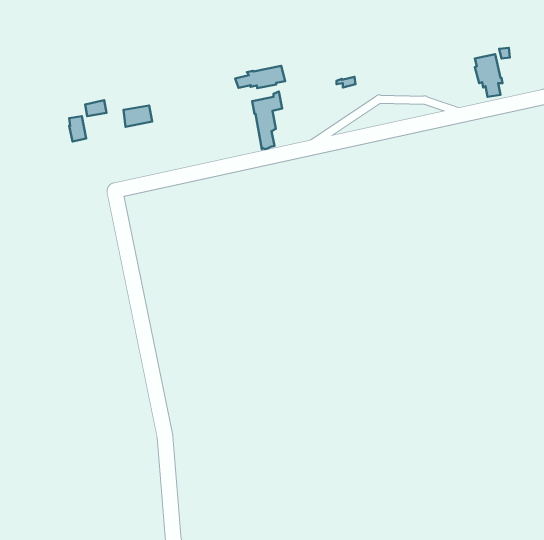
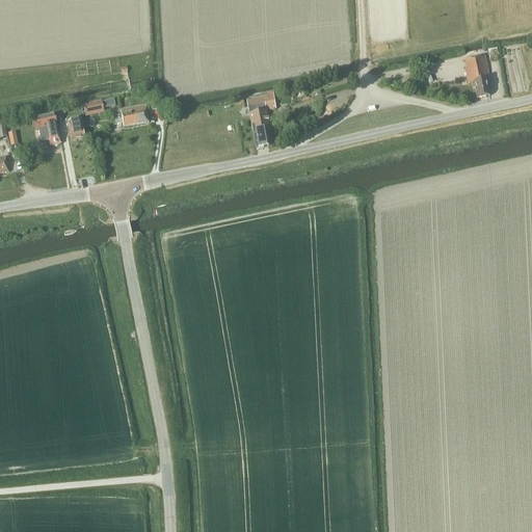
building: [235,66,285,88] -> none
building: none -> [37,115,61,143]

